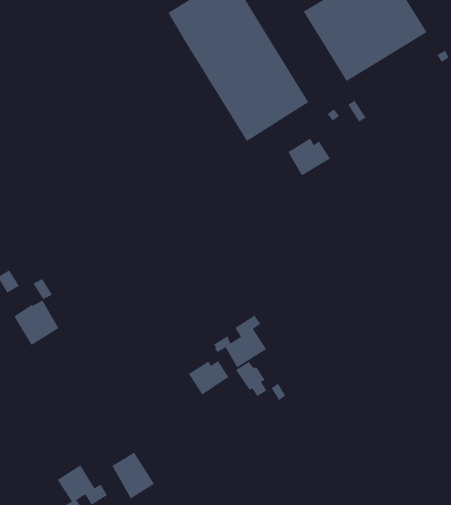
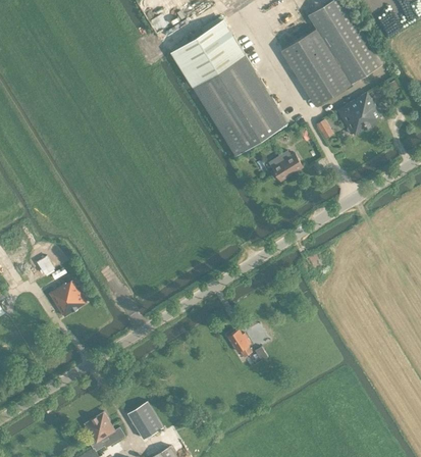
building: none -> [336,93,381,136]
building: [213,315,267,368] -> none
building: [188,360,229,395] -> none

